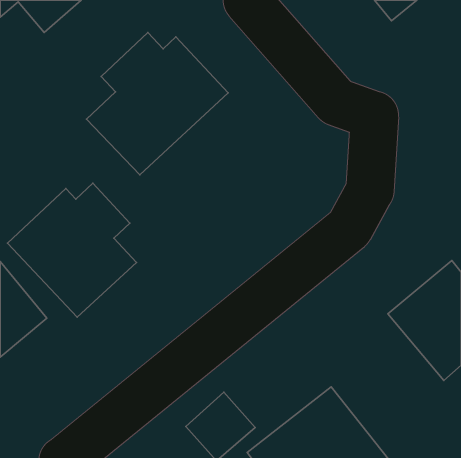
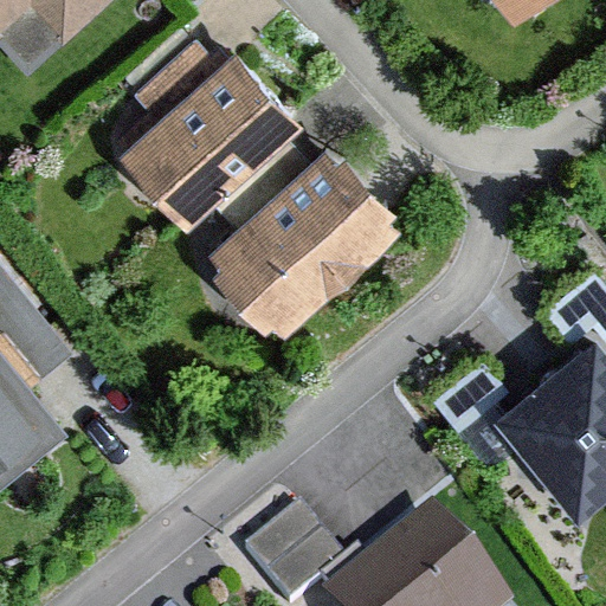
building: none -> [202,147,394,337]
building: [7,183,137,317] -> none

